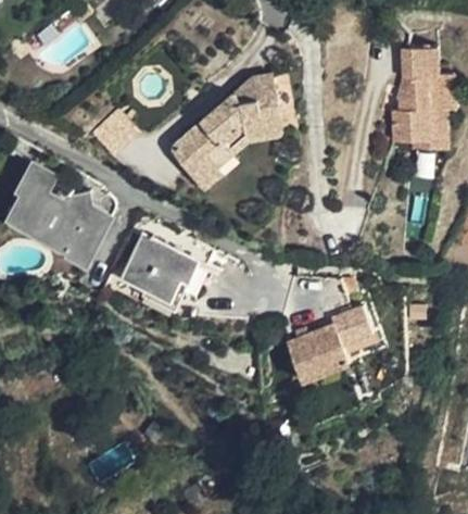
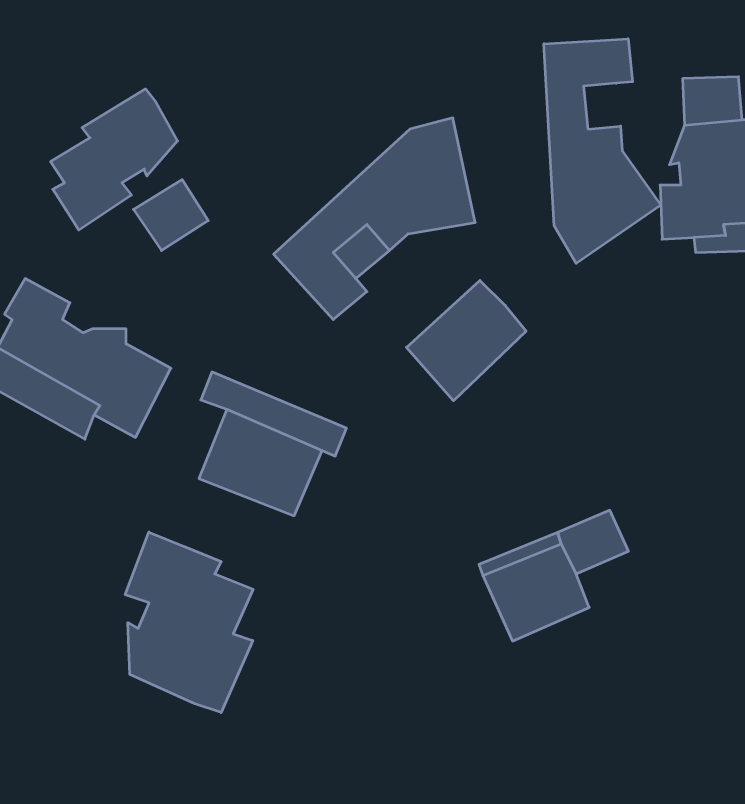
building: none -> [544,39,661,263]
building: none -> [51,89,178,230]
building: none -> [406,280,526,401]
building: none -> [125,532,253,713]

